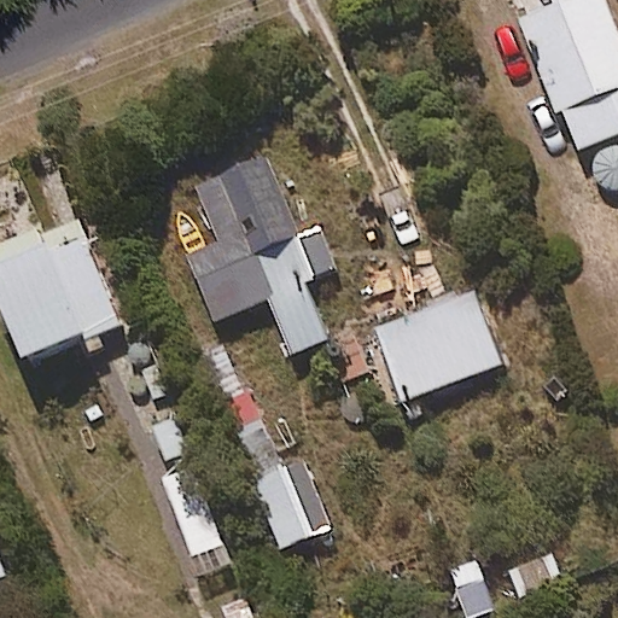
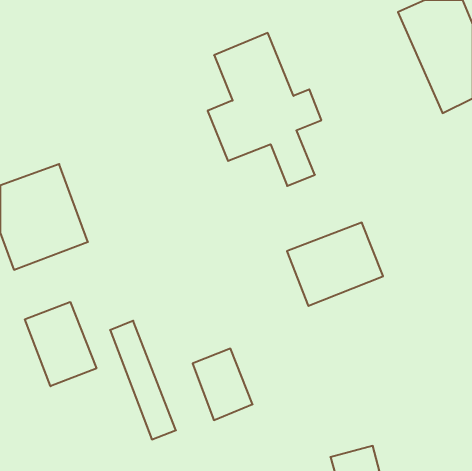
building: [186,154,334,354] -> [208,33,321,186]
building: none -> [25,302,96,386]

